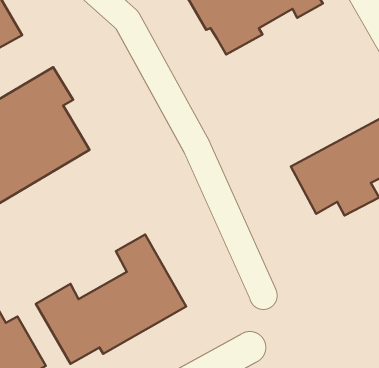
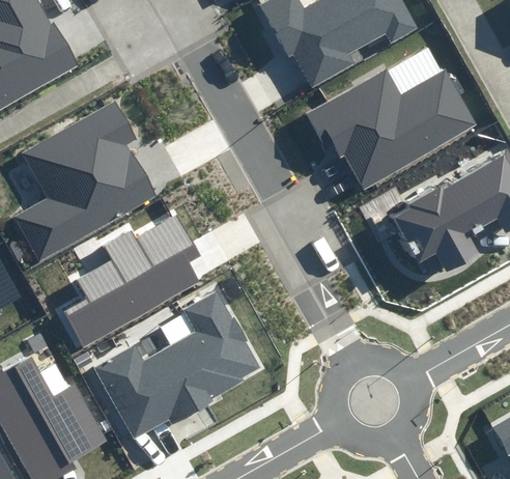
building: none -> [308,69,478,192]
building: none -> [60,213,214,346]

